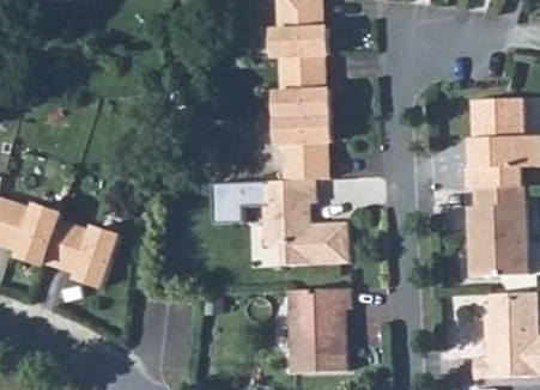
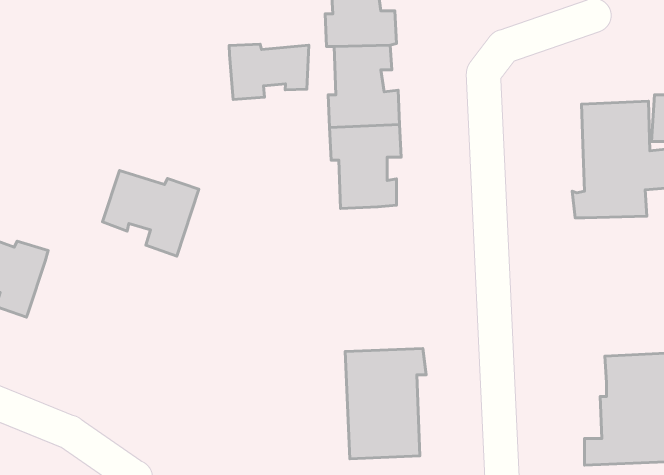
building: none -> [229,44,309,100]
building: [211,179,348,266] -> none
building: [466,187,527,276] -> none
building: [44,221,119,287] -> [102,171,199,256]

